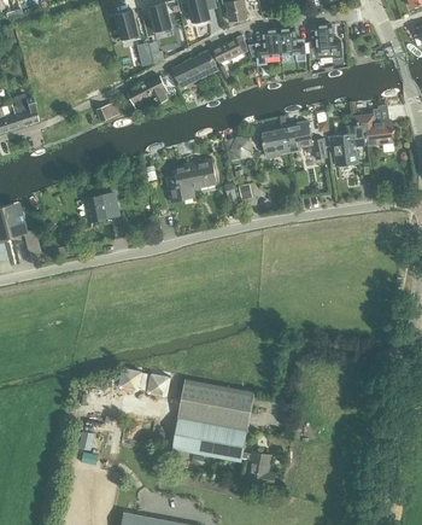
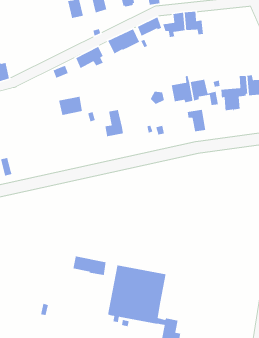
building: [313,23,341,57] -> none
building: [187,158,216,188] -> none
building: none -> [187,109,206,132]
building: [83,193,117,221] -> [58,96,83,116]

